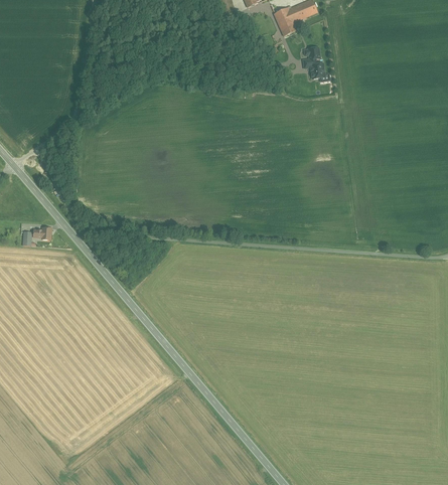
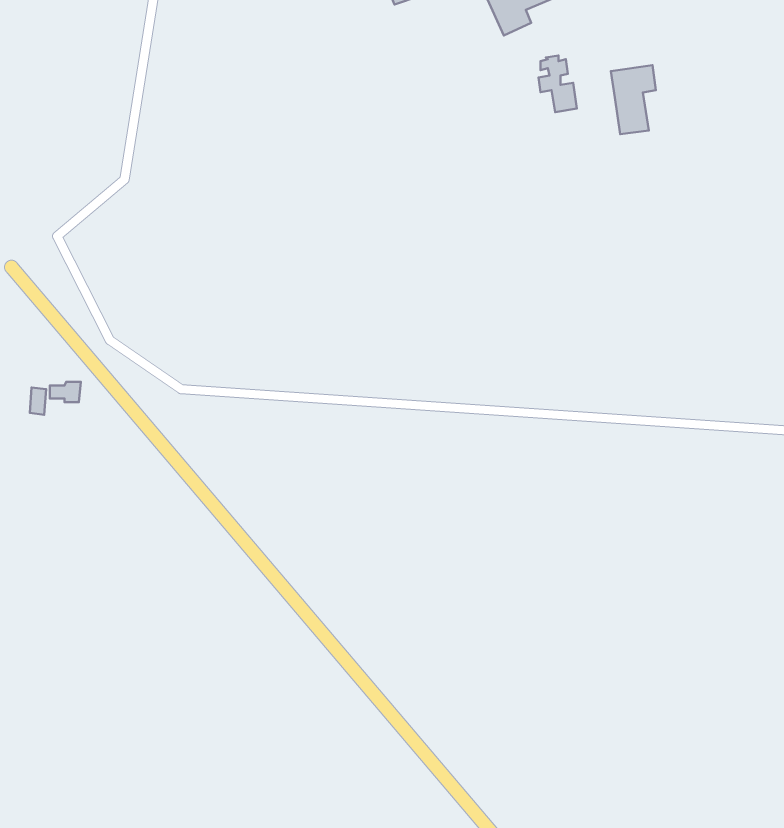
building: none -> [611,65,656,134]

